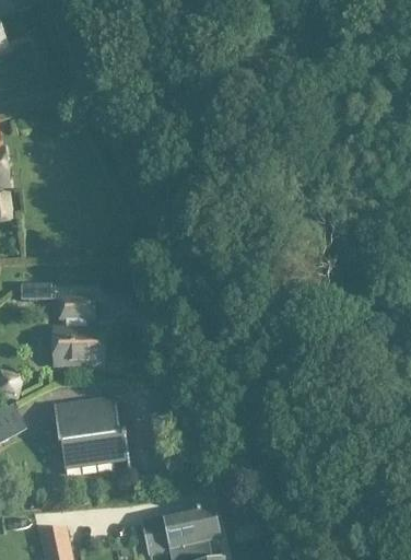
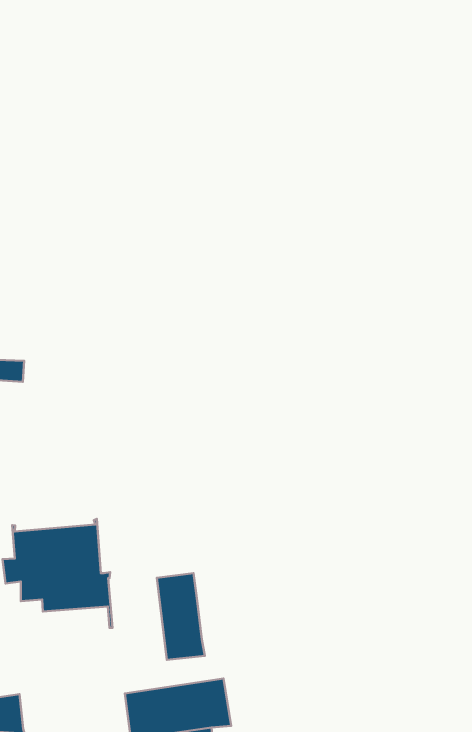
building: [54,296,103,363] -> none
building: none -> [157,573,205,660]

